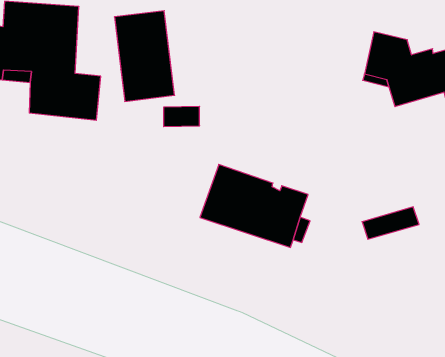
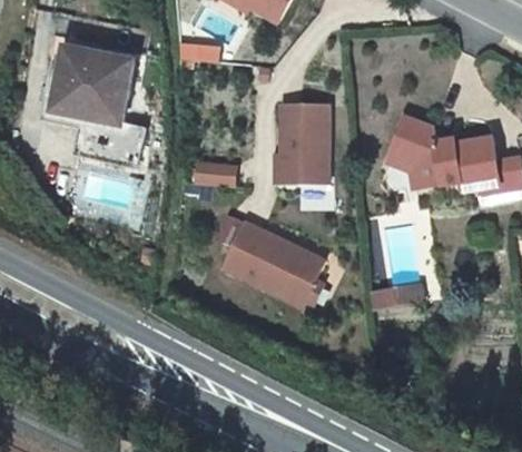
building: [114,11,175,101] -> [280,102,327,181]

